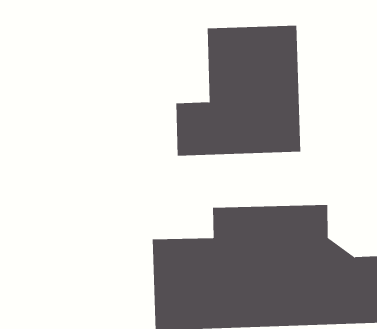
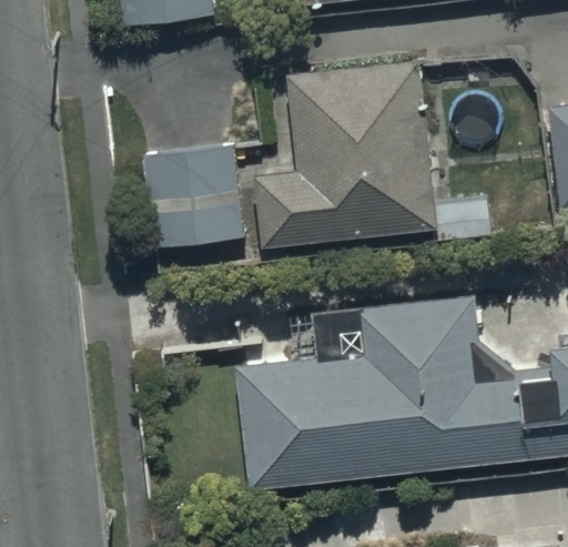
building: none -> [141,143,245,247]

